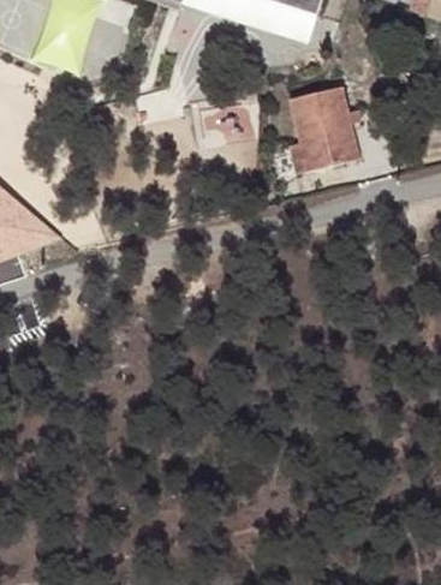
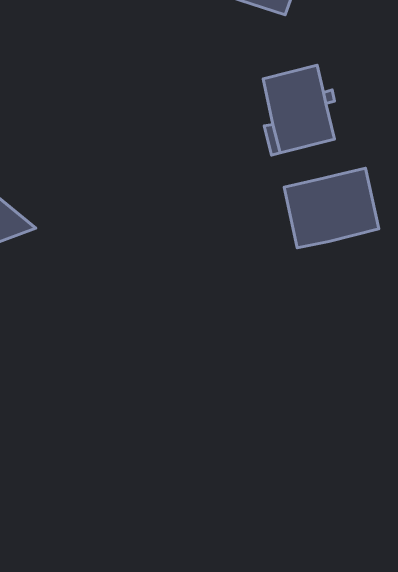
building: none -> [284,168,379,248]

